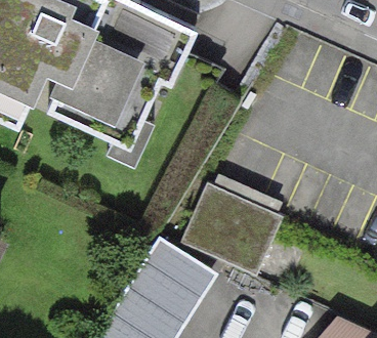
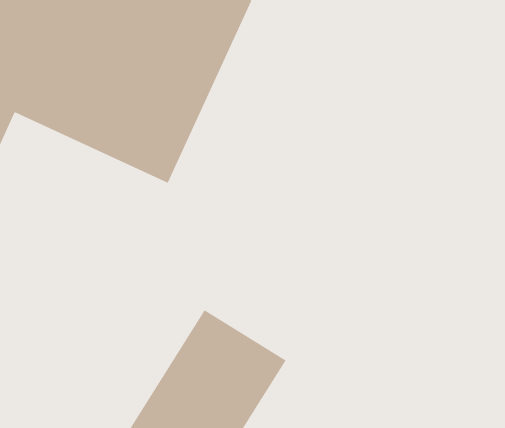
building: [182,181,281,270] -> none

